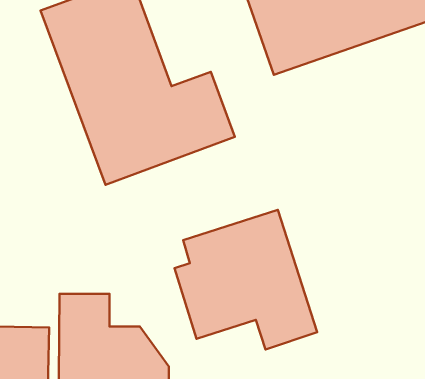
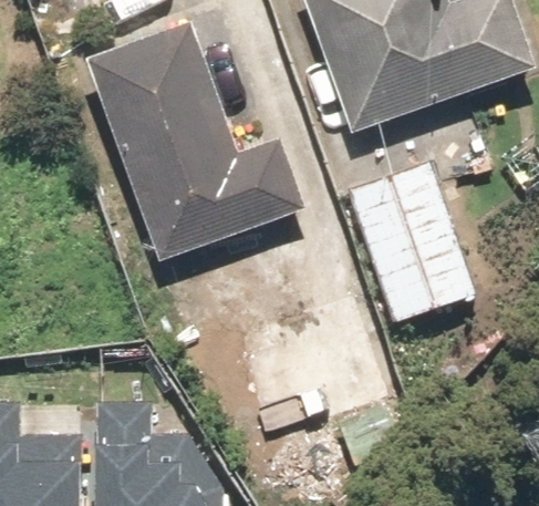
building: none -> [348,164,475,326]

